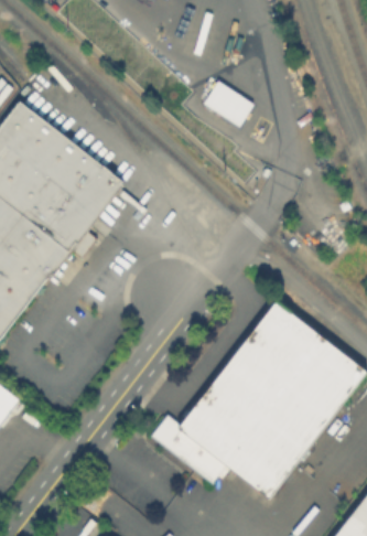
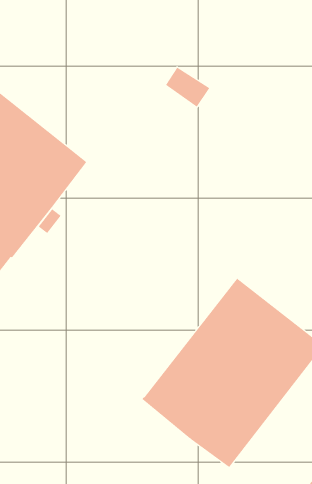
building: [150,415,227,482] -> none

